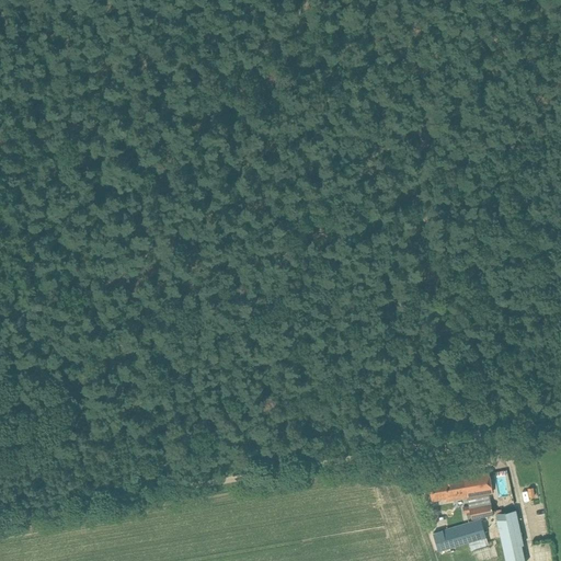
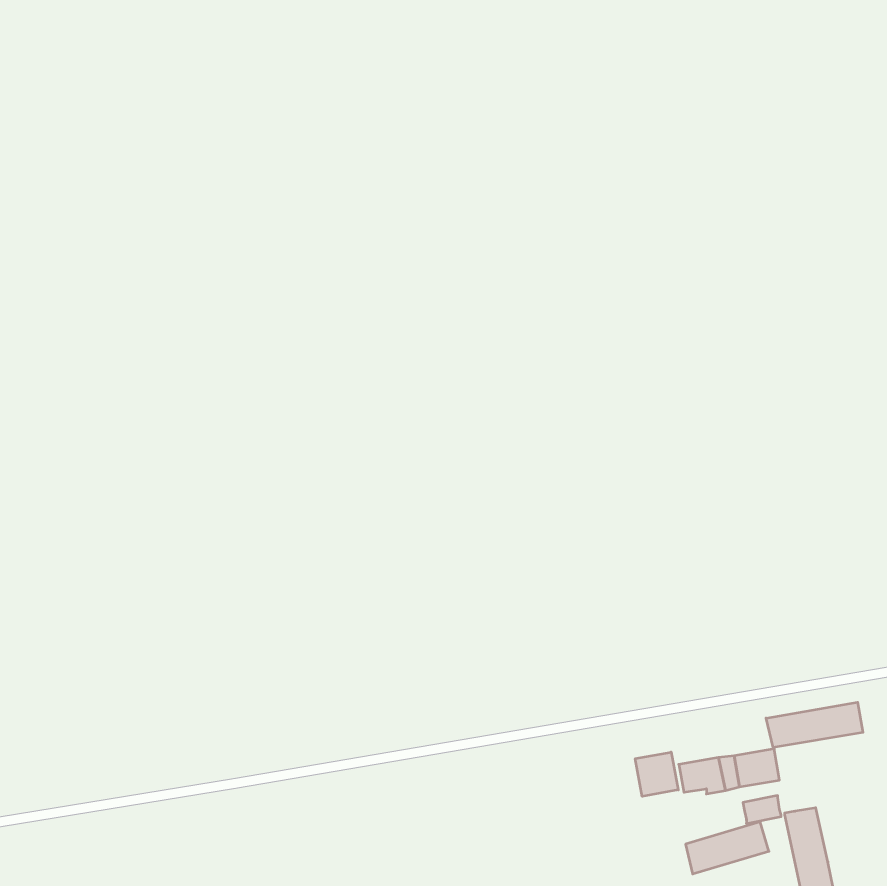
building: none -> [766,702,863,748]
building: none -> [635,752,678,796]

